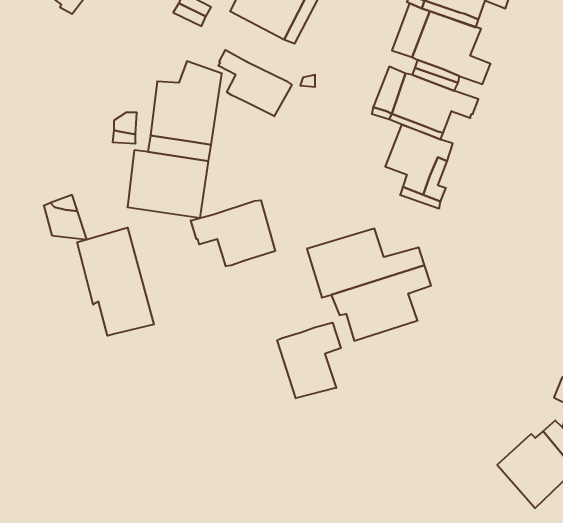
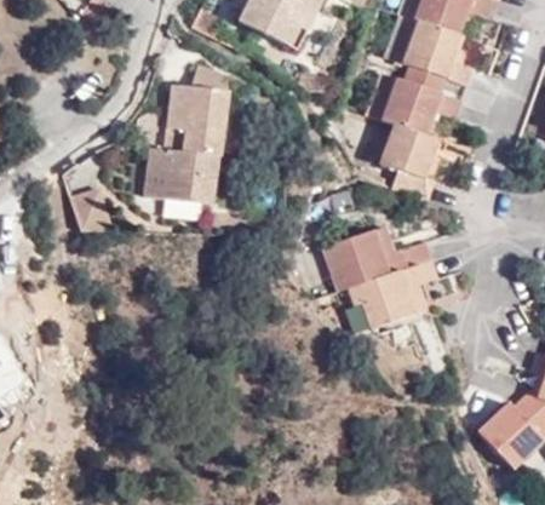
building: [218,50,292,116] -> none
building: [191,200,275,266] -> none
building: [77,228,154,336] -> none
building: [277,323,341,398] -> none

